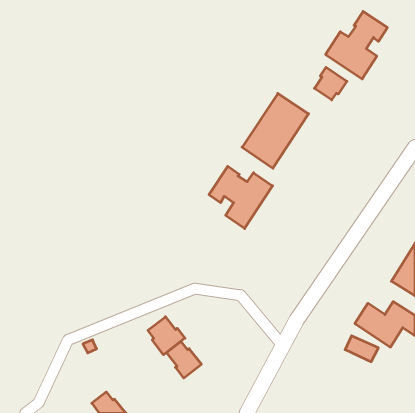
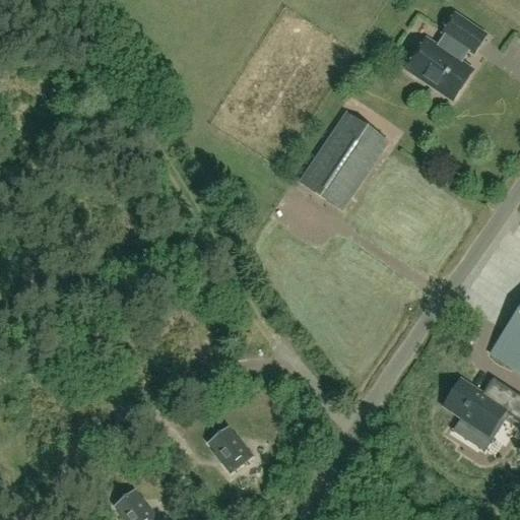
building: [314,67,347,100] -> none
building: [209,166,273,229] -> none
building: [148,317,185,355] -> none

